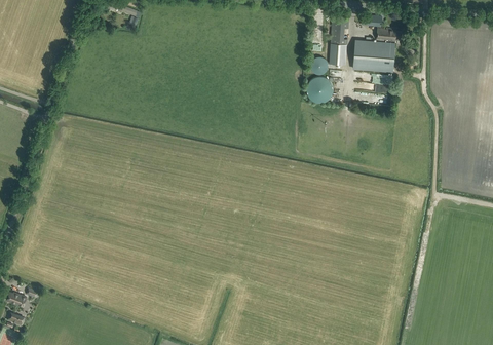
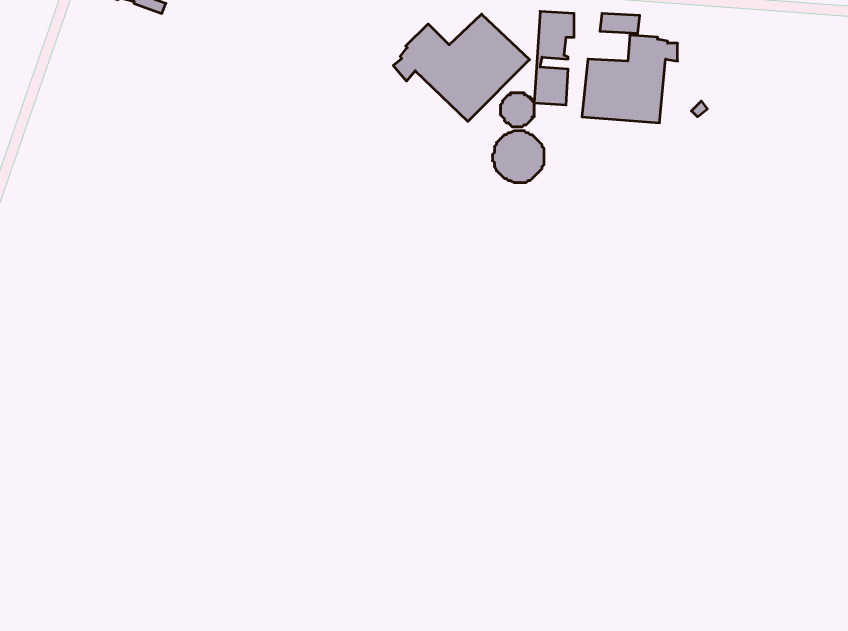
building: none -> [393,14,530,121]

